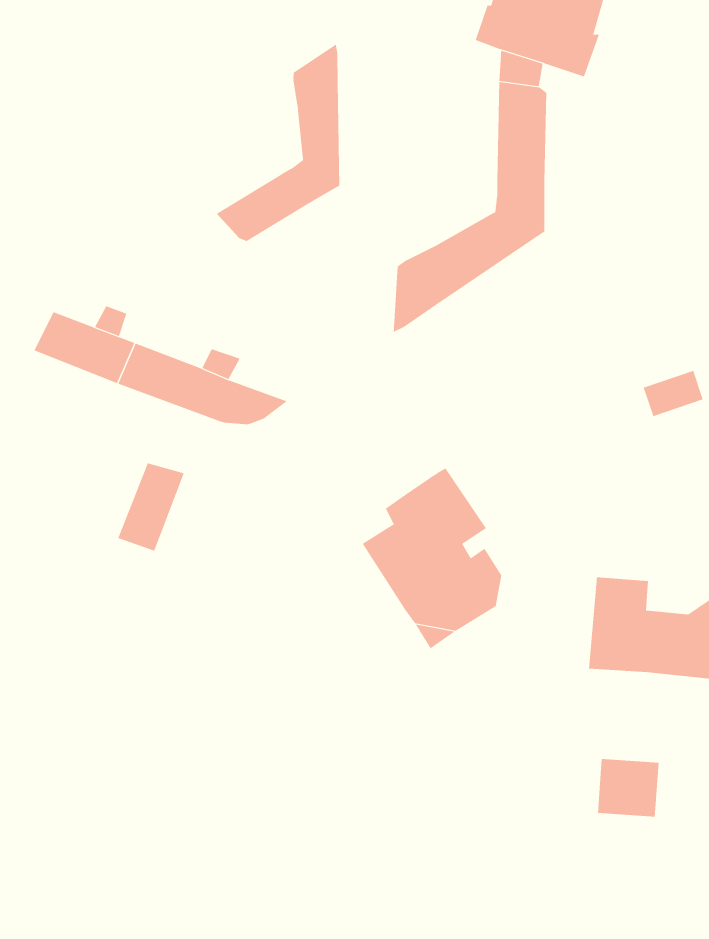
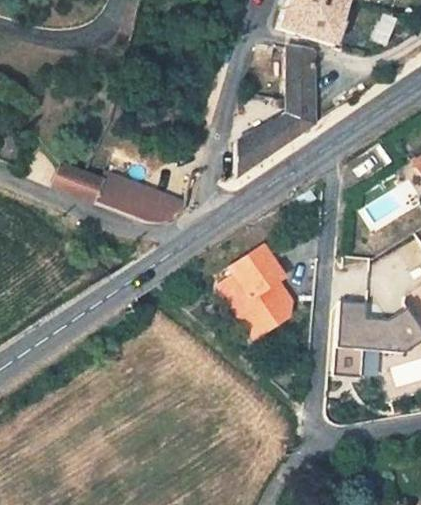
building: [216,44,340,242] -> none
building: [118,462,185,551] -> none
building: [597,758,660,817] -> [334,347,366,377]

